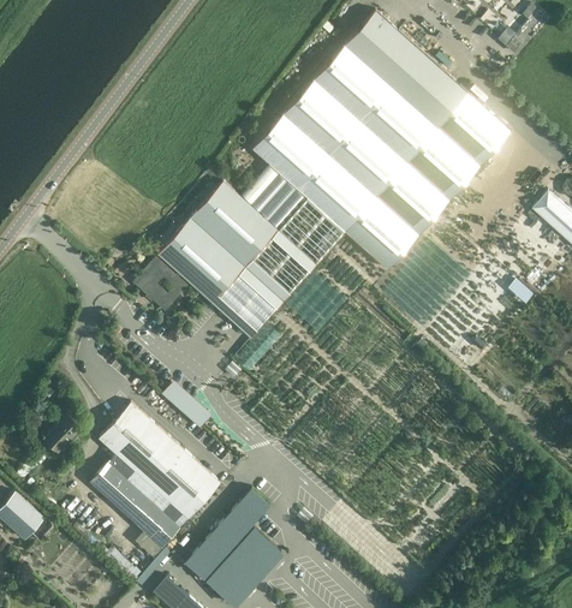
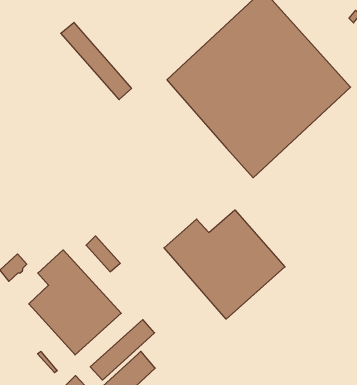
building: none -> [61,22,131,100]
building: [133,165,346,339] -> none
building: none -> [164,210,285,319]

